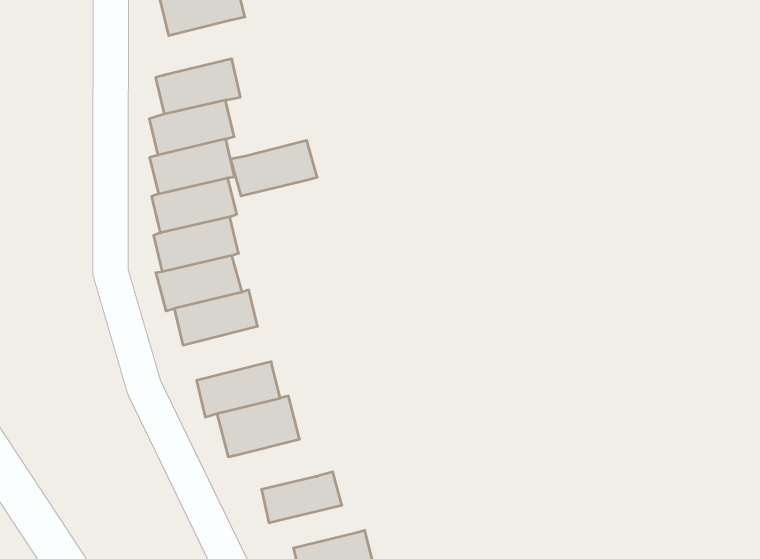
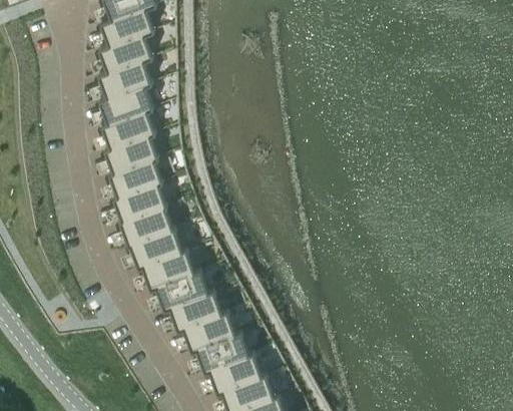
building: [231,141,317,196] -> [98,57,153,96]
building: none -> [138,246,191,285]
building: none -> [177,312,230,351]
building: none -> [207,348,260,384]

